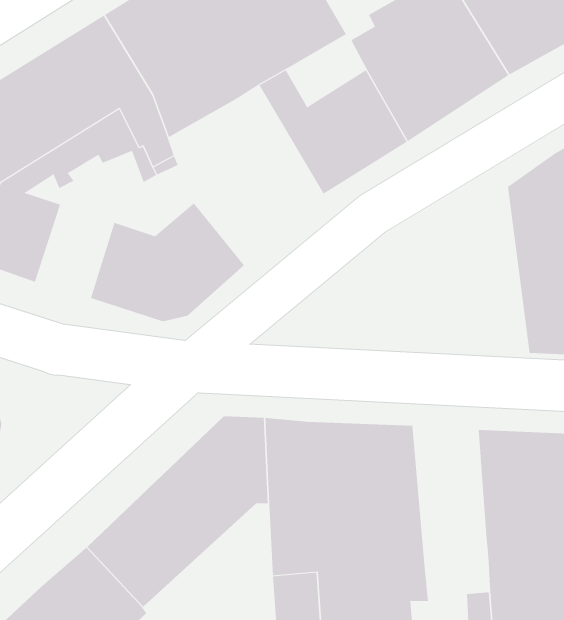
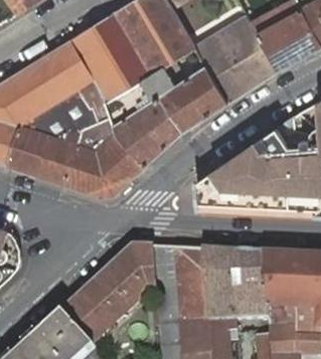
building: none -> [114,74,184,167]
building: none -> [36,125,82,184]
building: none -> [197,127,290,212]
building: none -> [230,249,269,319]

